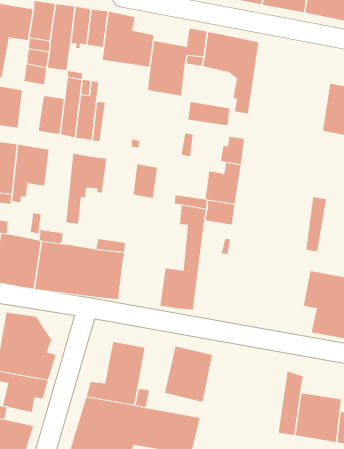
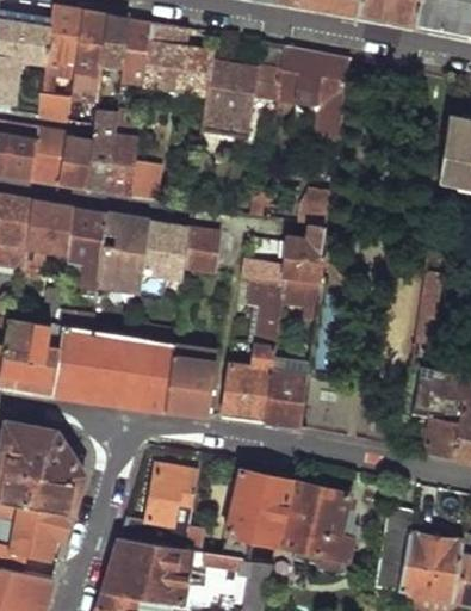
building: none -> [30,126,63,181]
building: [188,101,230,126] -> none
building: none -> [64,206,103,304]
building: none -> [143,218,188,267]
building: none -> [265,347,310,426]
building: none -> [165,358,215,414]
building: none -> [278,482,352,573]

